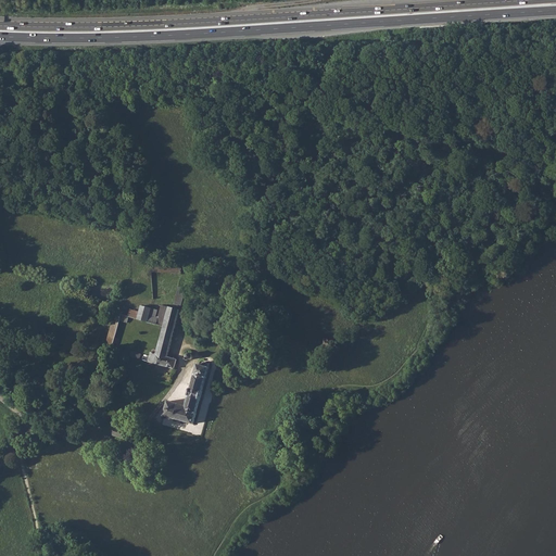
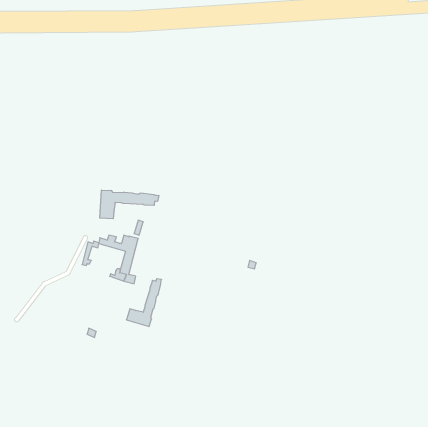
building: none -> [100,190,159,219]

